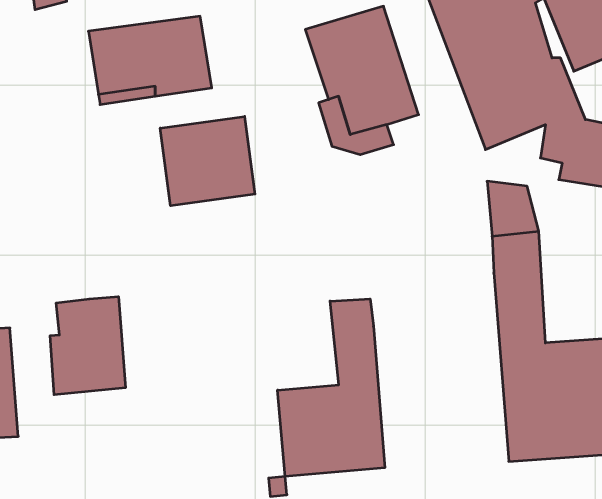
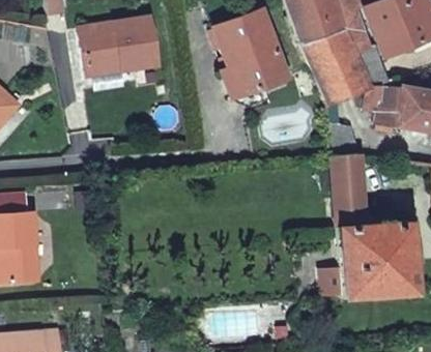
building: [160,116,255,206] -> none
building: [50,297,125,395] -> none
building: [278,299,385,476] -> none

